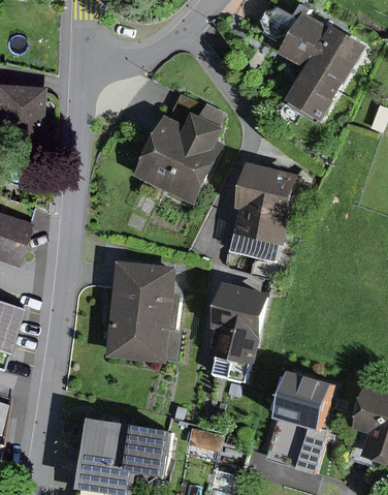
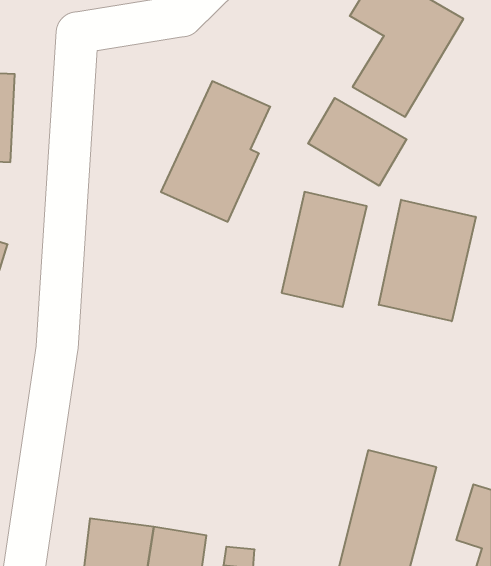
building: none -> [308,98,407,186]
building: none -> [379,200,476,321]
building: [111,266,176,359] -> none
building: [207,292,261,383] -> none

